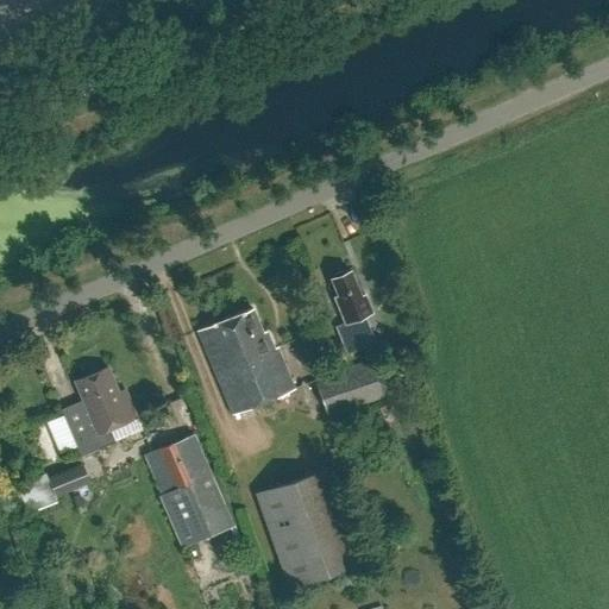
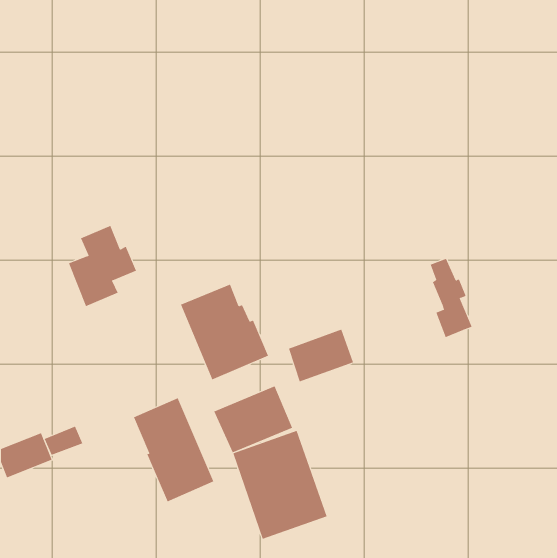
building: [332,271,378,358] -> [430,258,473,338]
building: [62,368,137,457] -> [68,225,137,307]
building: none -> [214,386,293,453]

